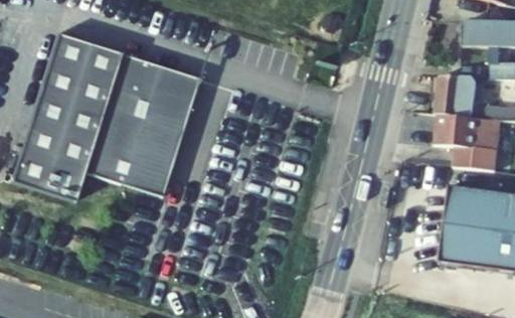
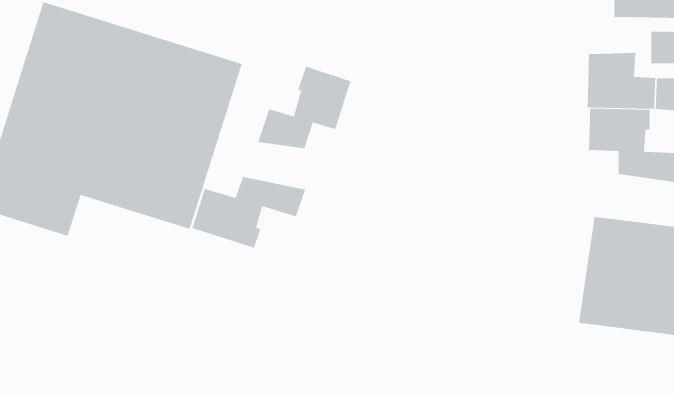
building: none -> [257,66,351,149]
building: none -> [192,176,306,249]

